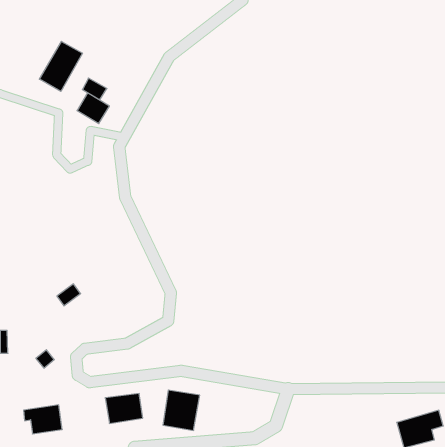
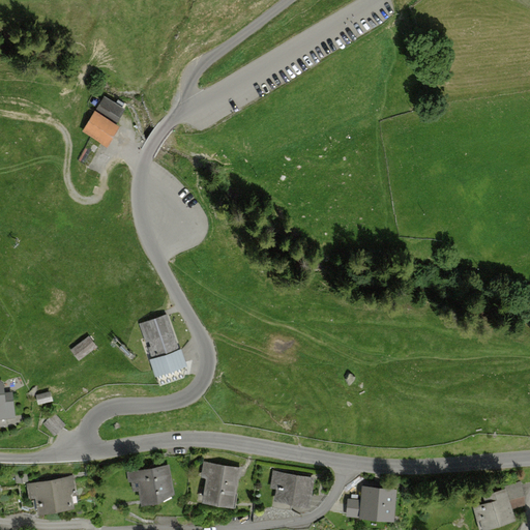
building: [39,41,82,91] -> none
building: none -> [143,311,190,373]
building: none -> [266,468,314,510]
building: none -> [345,487,392,519]

